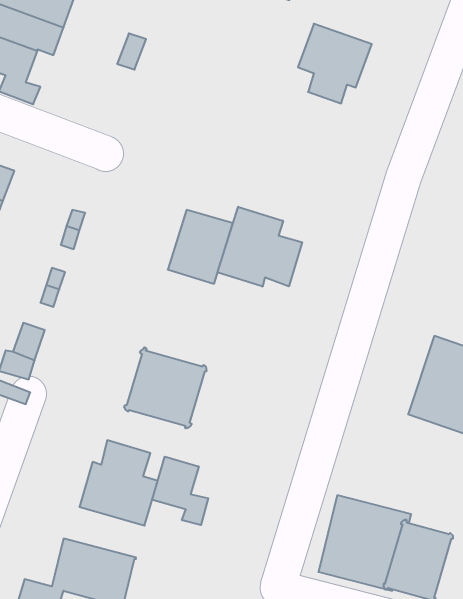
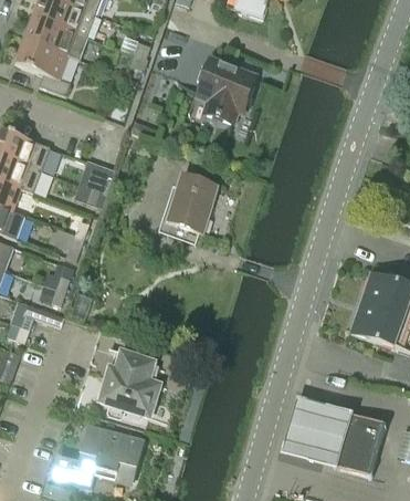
building: [298,24,372,103] -> [199,60,255,121]
building: [218,207,302,287] -> none
building: [124,347,206,428] -> none
building: [152,457,208,525] -> none

